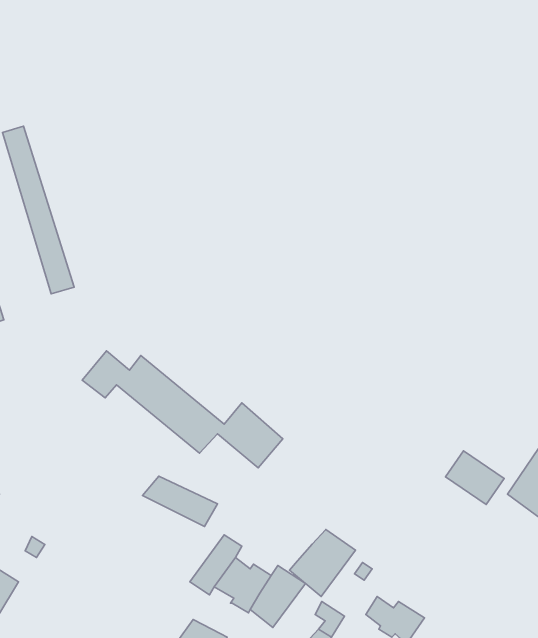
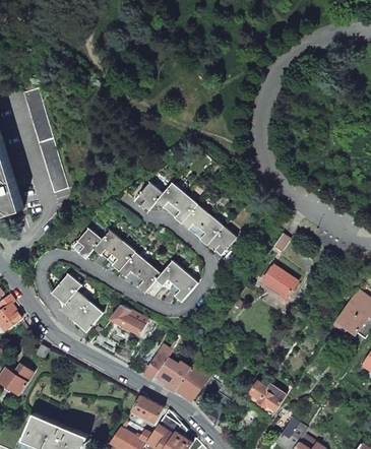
building: none -> [134,183,236,255]
building: none -> [53,274,102,331]
building: [446,451,504,504] -> [262,265,299,299]
building: [290,529,355,596] -> none

